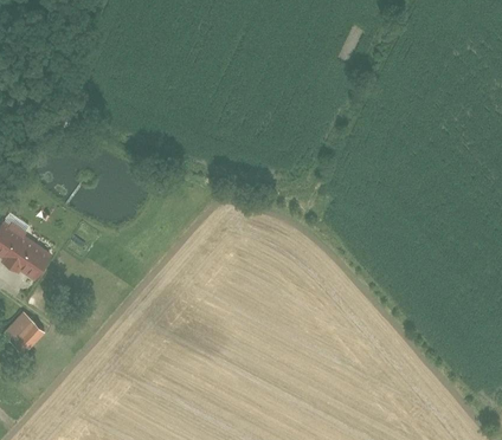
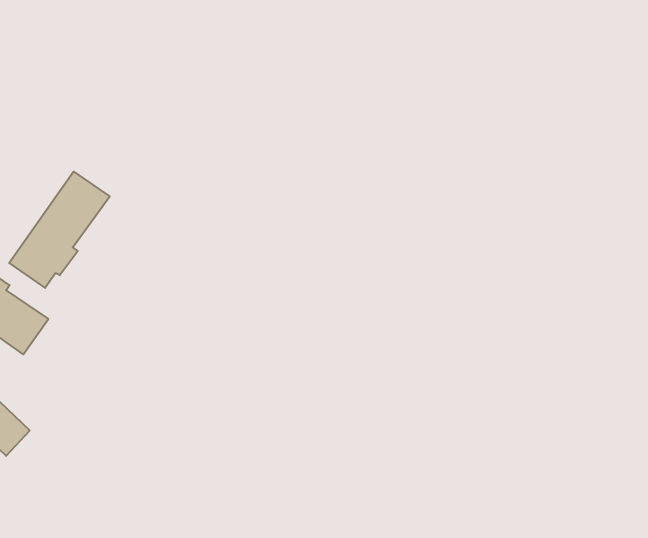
building: none -> [9,172,110,288]

